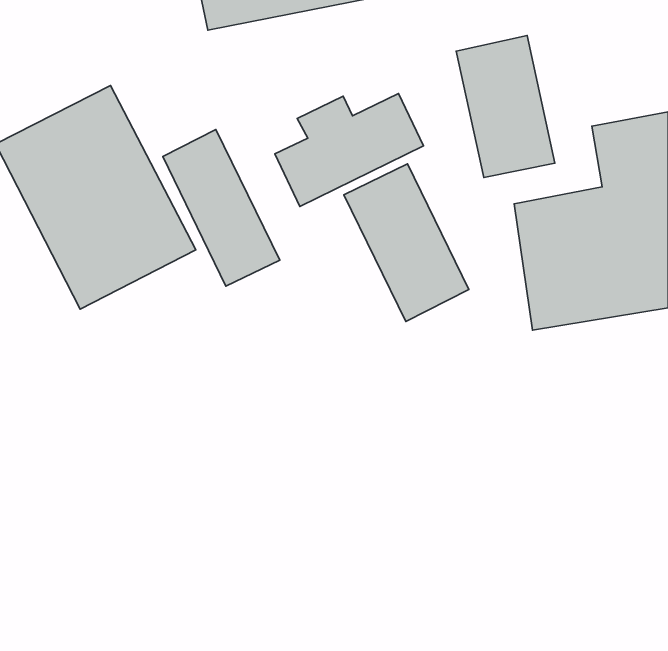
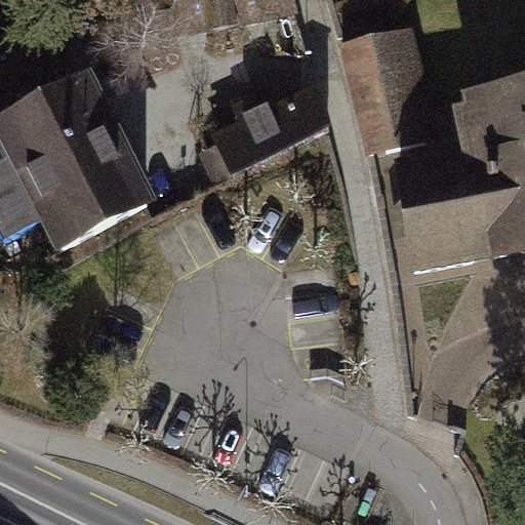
building: [163,129,280,286] -> none
building: [344,164,469,322] -> none

